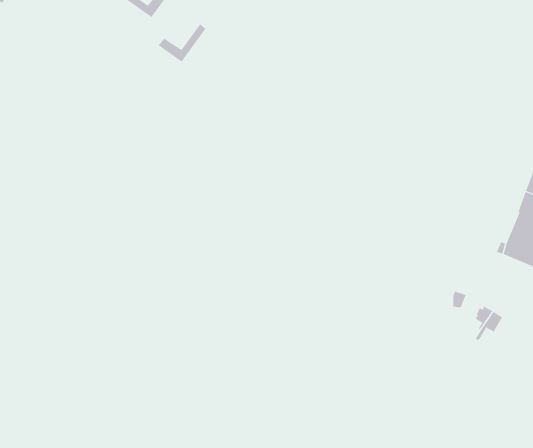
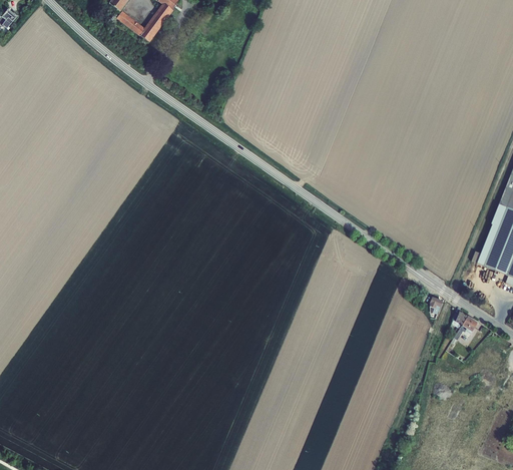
building: [158,24,206,63] -> none

